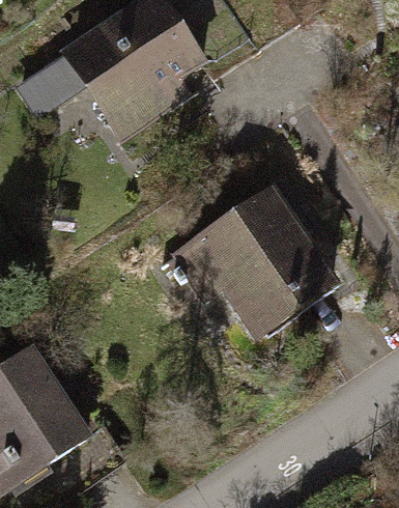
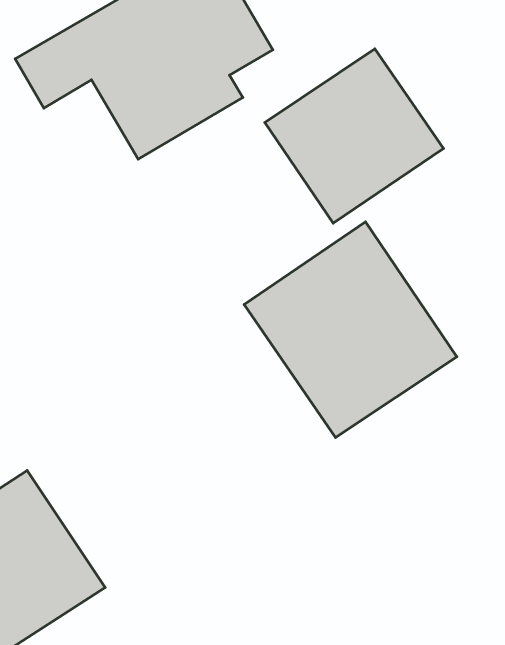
building: none -> [265,49,443,223]

